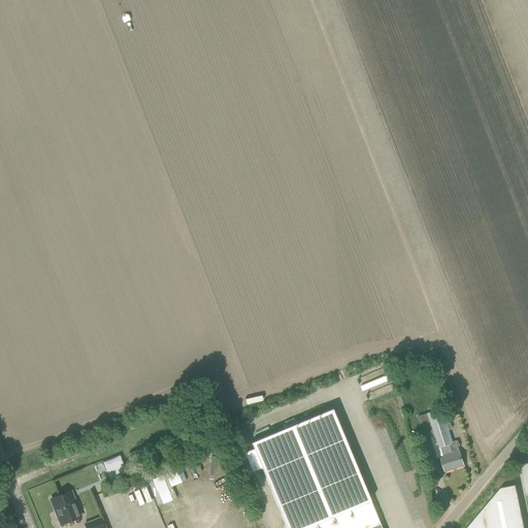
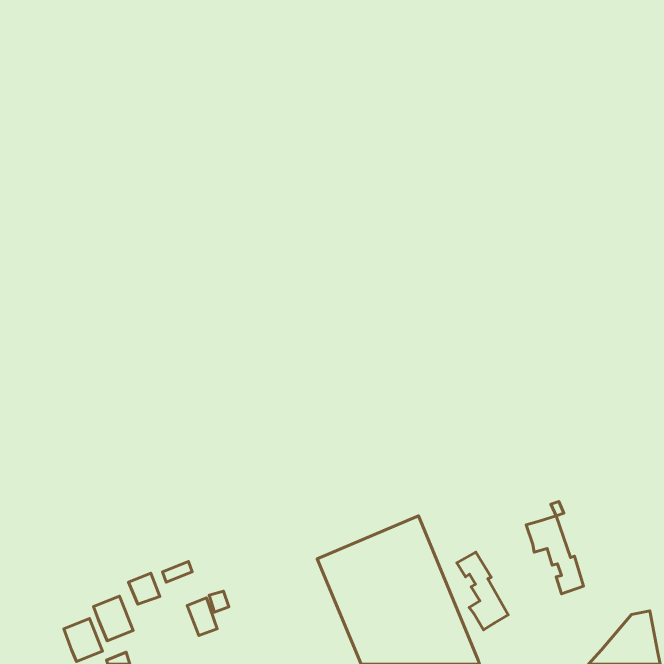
building: none -> [457,552,508,630]
building: none -> [94,596,133,641]

